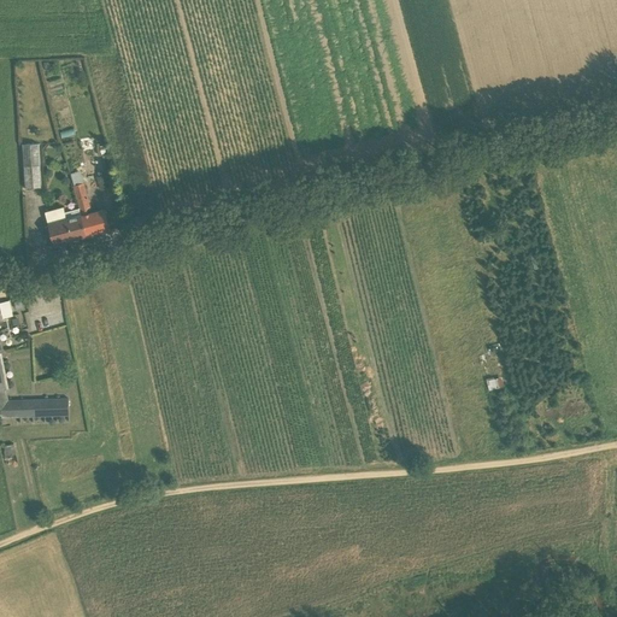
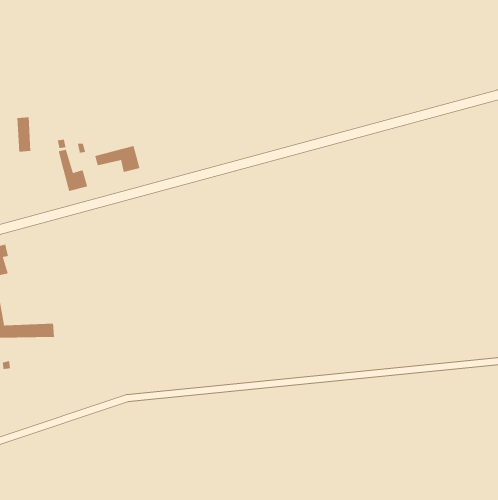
building: none -> [94,145,141,173]
building: [42,207,84,245] -> none

